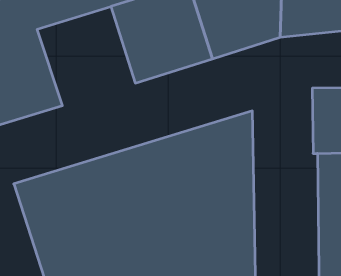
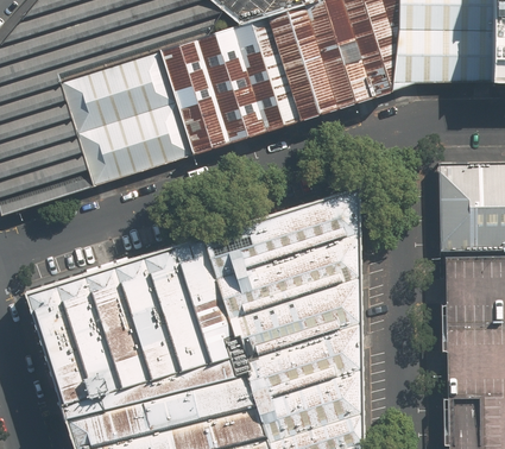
building: none -> [62,49,196,184]

